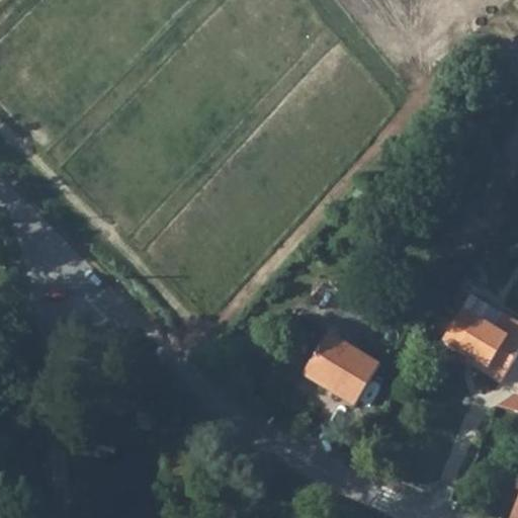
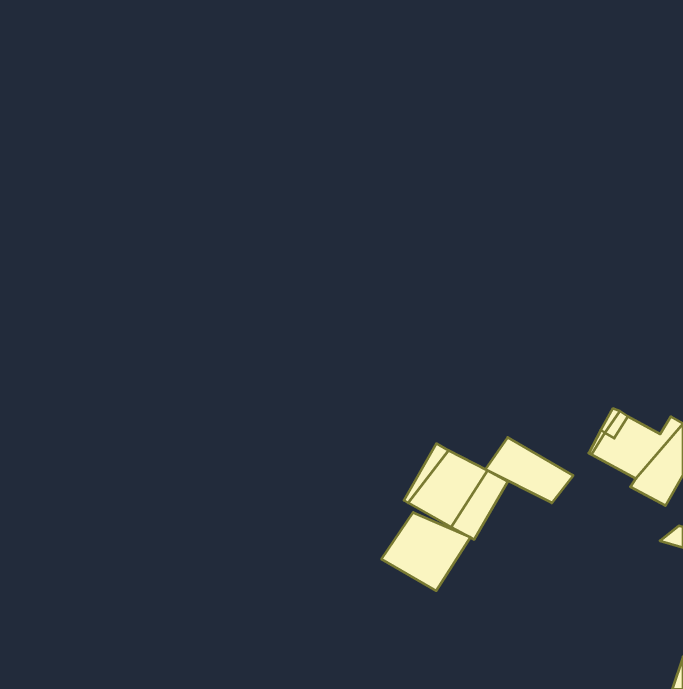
building: none -> [485,437,573,503]
building: none -> [382,512,470,591]

